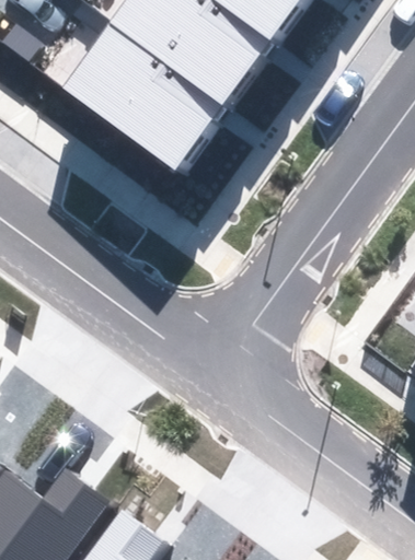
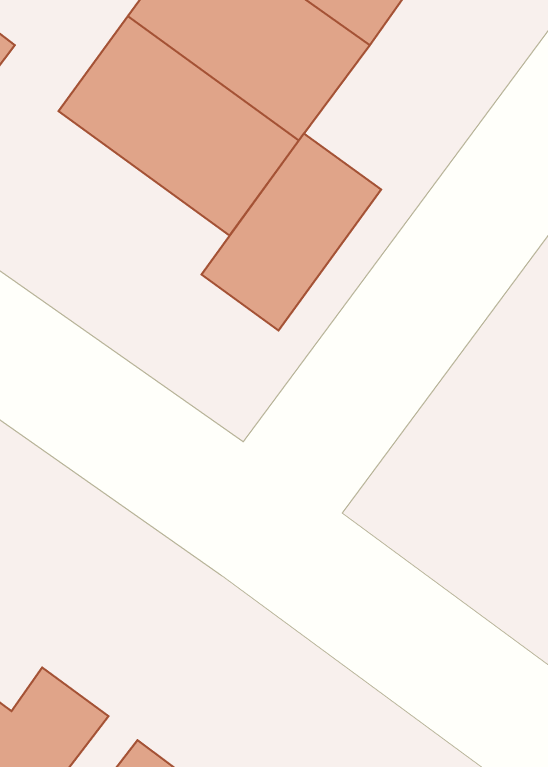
building: none -> [201,134,381,330]

